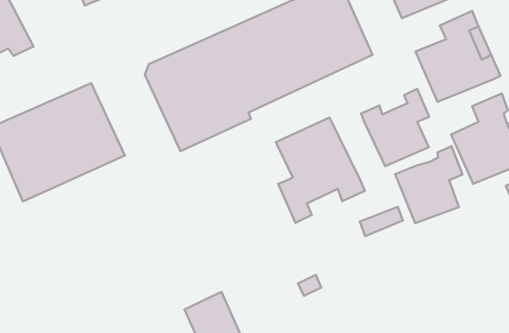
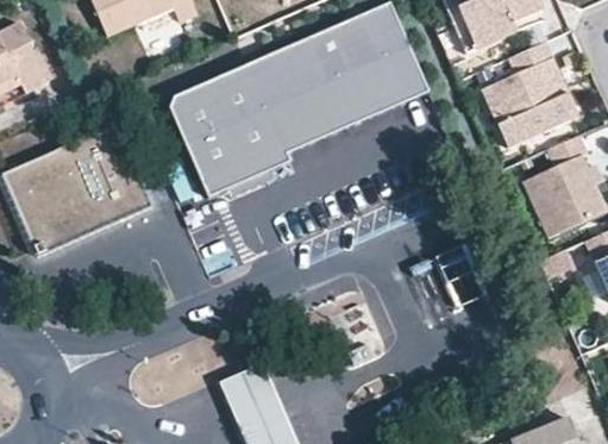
building: [361,89,429,166] -> none
building: [276,117,365,223] -> none
building: [395,146,463,223] -> none

